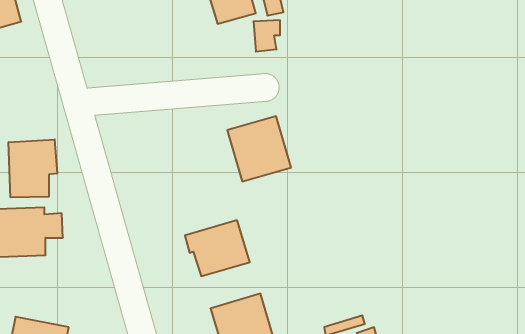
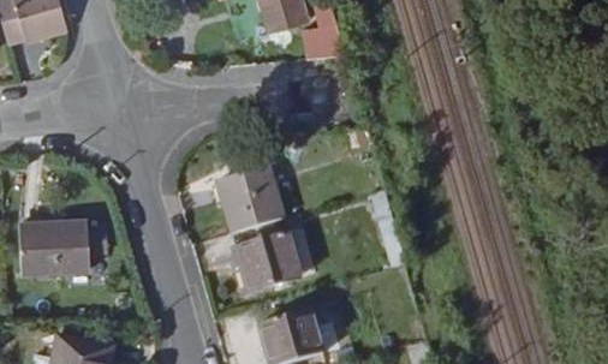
building: [227,116,291,181] -> [217,167,284,234]
building: [9,139,57,197] -> none

